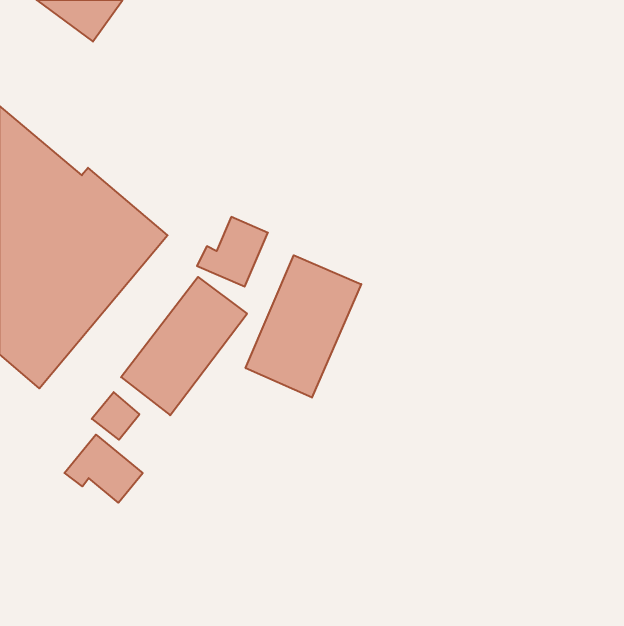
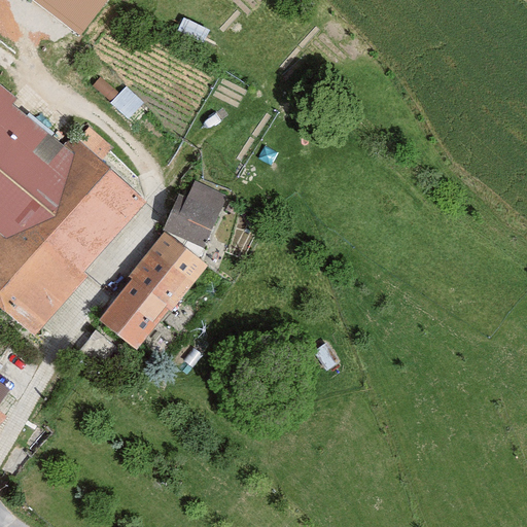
building: [246,255,361,398] -> none
building: [64,435,143,503] -> none

